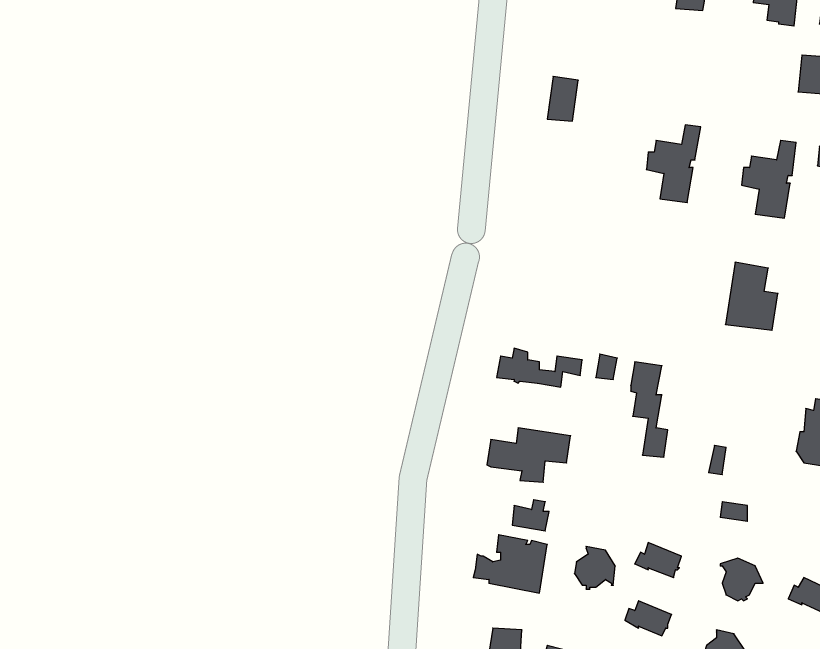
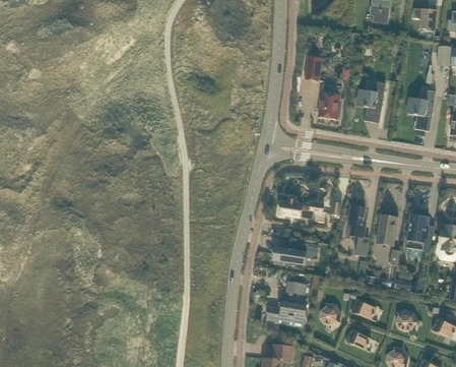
building: none -> [319,84,341,119]
building: [725,262,778,330] -> [406,216,434,251]
building: none -> [377,216,398,246]

